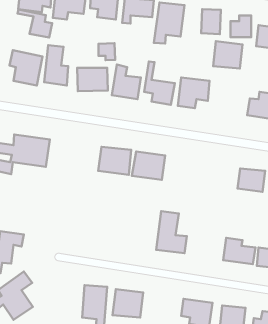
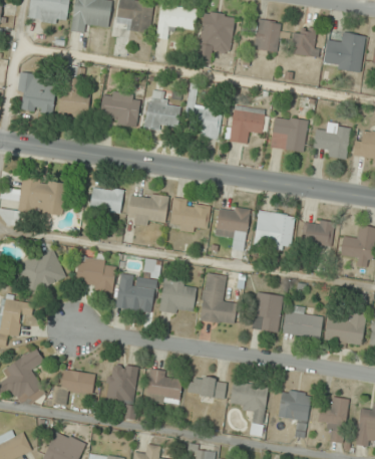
building: [17,9,52,38] -> none
building: [213,41,242,69] -> [271,117,307,151]
building: [98,43,115,60] -> none
building: none -> [88,186,123,216]
building: none -> [215,205,250,251]
building: none -> [253,211,295,251]
building: none -> [15,247,66,294]
building: none -> [74,256,116,291]
building: none -> [114,258,160,313]
building: none -> [159,276,195,314]
building: none -> [251,292,282,331]
building: none -> [51,371,94,406]
building: none -> [186,376,227,399]

